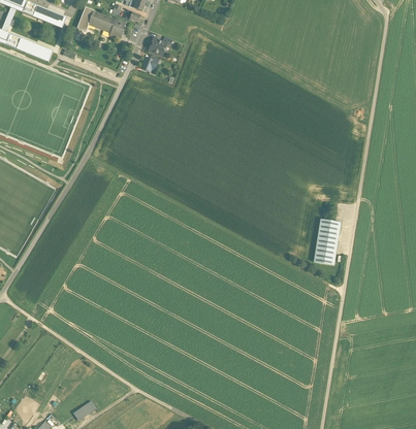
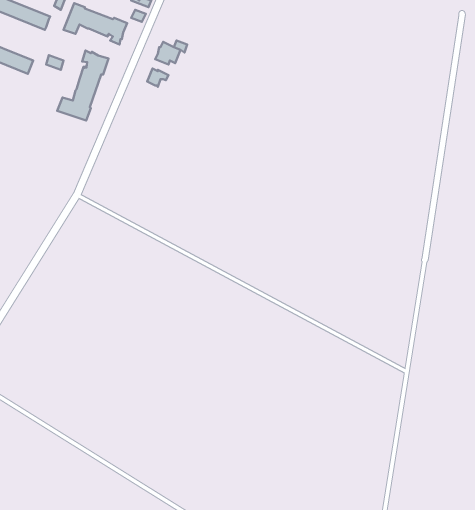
building: none -> [57,50,109,121]
building: [314,220,340,260] -> none

